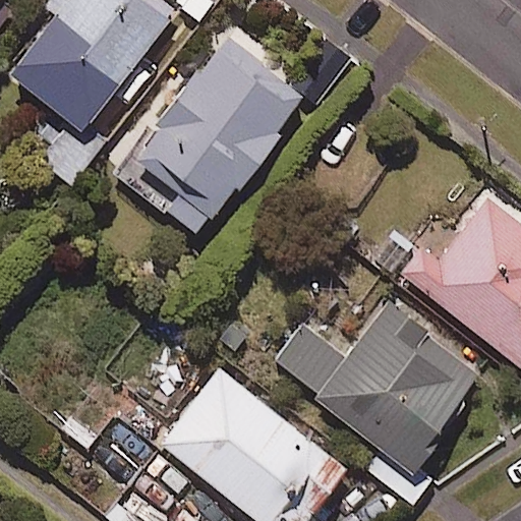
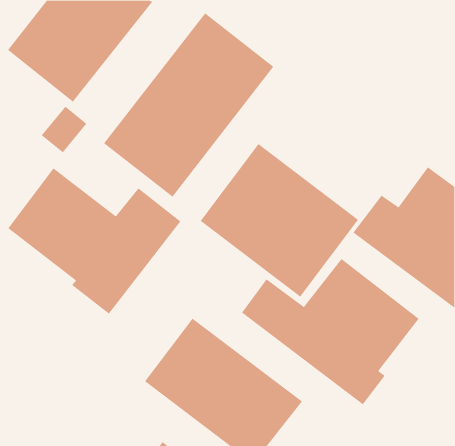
building: none -> [200,143,359,297]
building: none -> [8,168,181,314]

